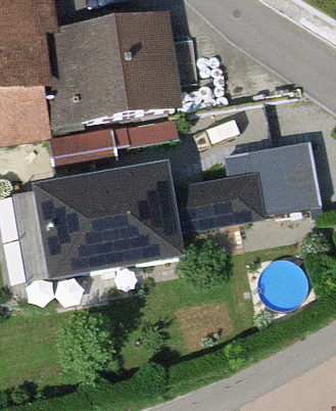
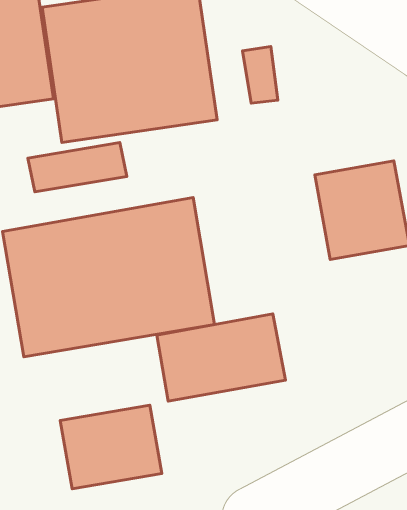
building: [172,170,265,233] -> [157,314,285,401]
building: none -> [60,405,162,489]

